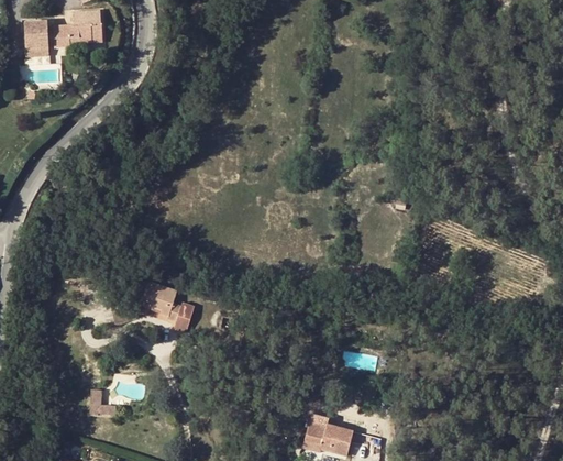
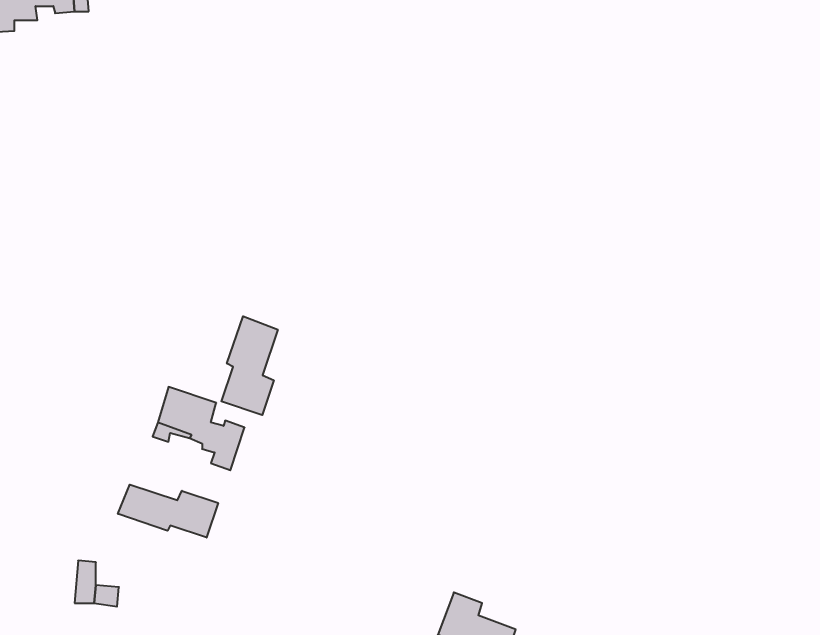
building: none -> [221,316,278,415]
building: none -> [118,485,218,538]

